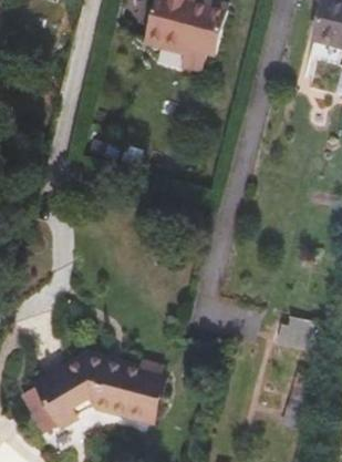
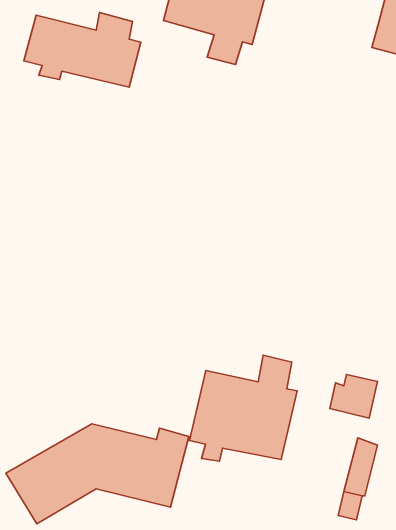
building: none -> [24,13,141,87]
building: none -> [189,355,297,461]

